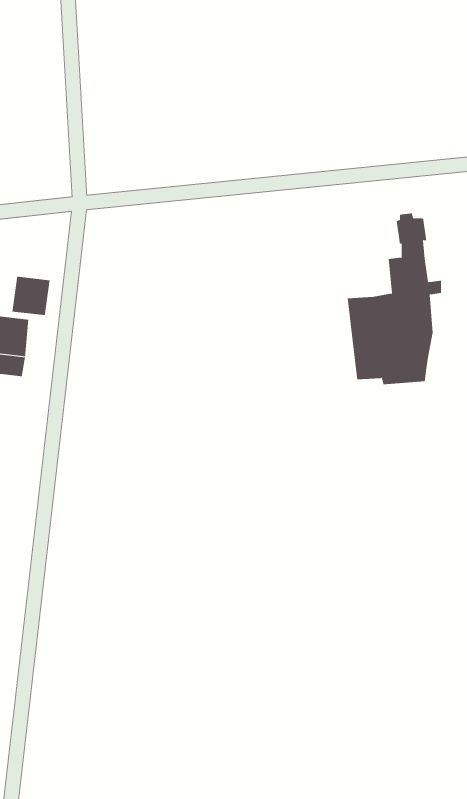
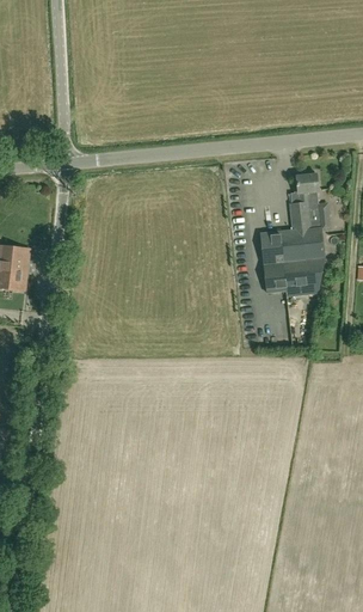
building: [12,276,50,316] -> none

